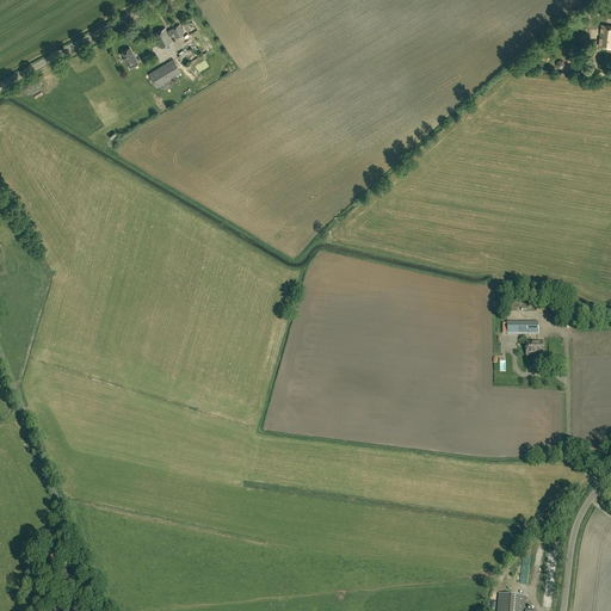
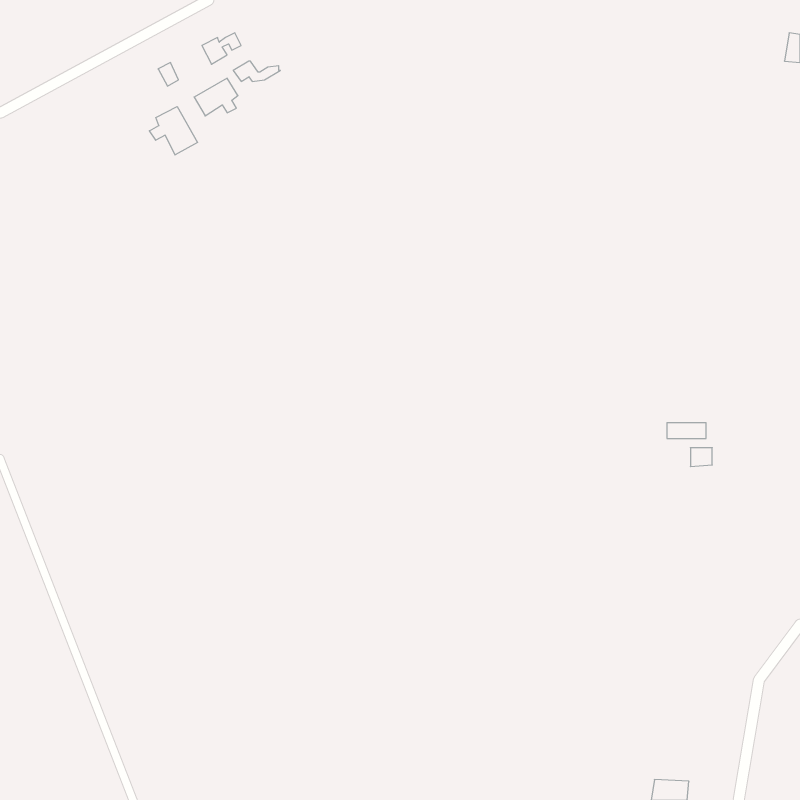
building: none -> [149,107,198,155]

